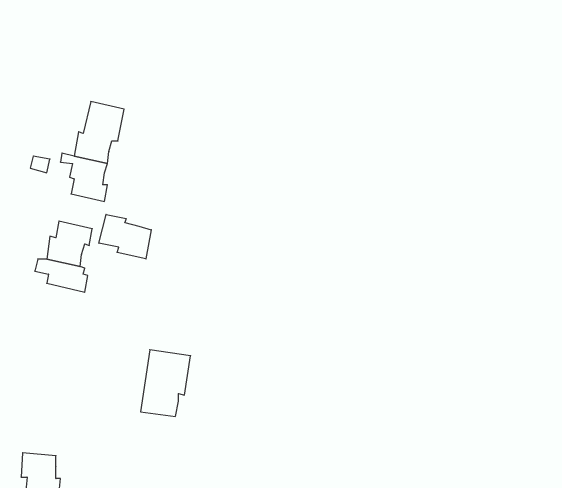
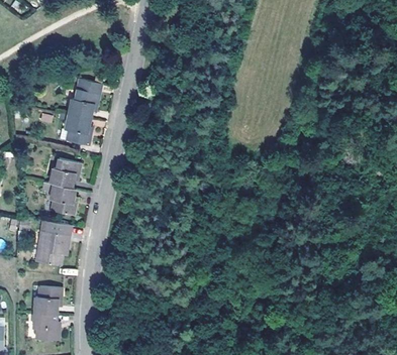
building: [99,214,151,259] -> none
building: [141,350,191,416] -> [37,221,71,265]
building: none -> [34,286,63,314]

